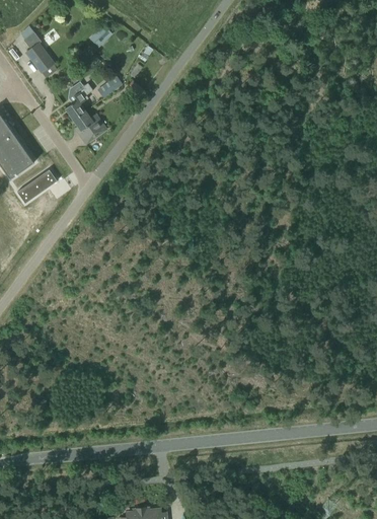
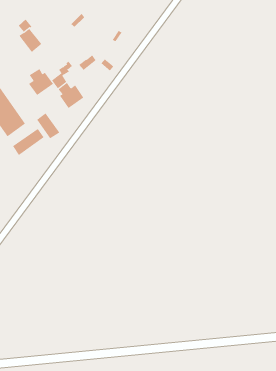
building: none -> [28,68,54,96]
building: none -> [36,112,60,139]

